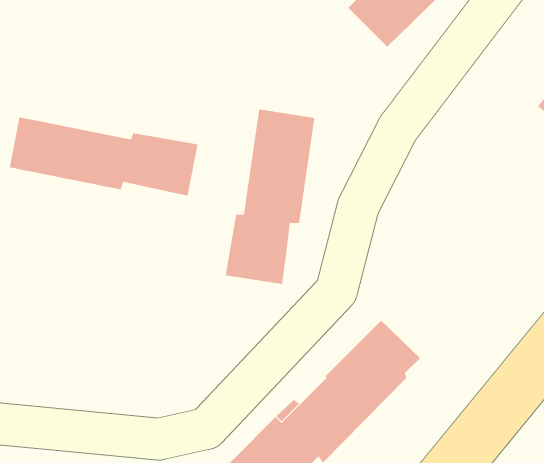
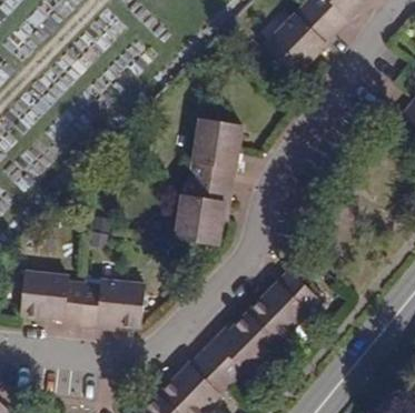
building: [9,117,198,196] -> none
building: none -> [22,271,146,328]

